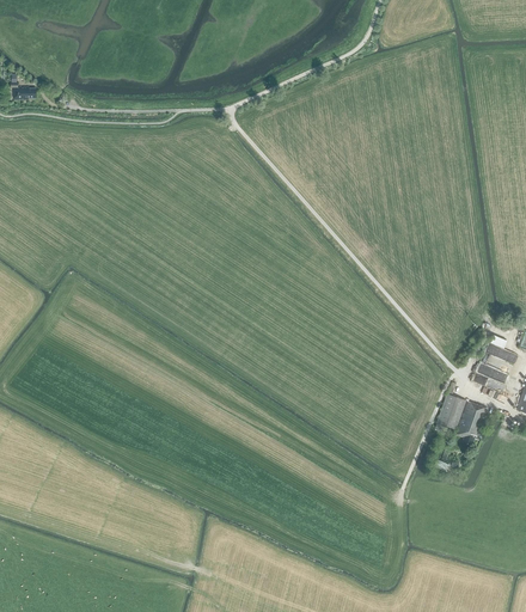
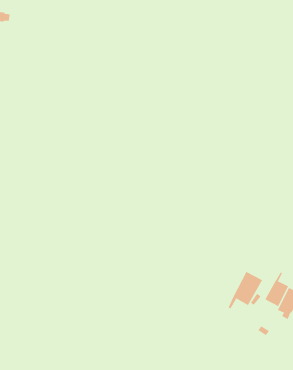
building: none -> [228,271,263,309]

